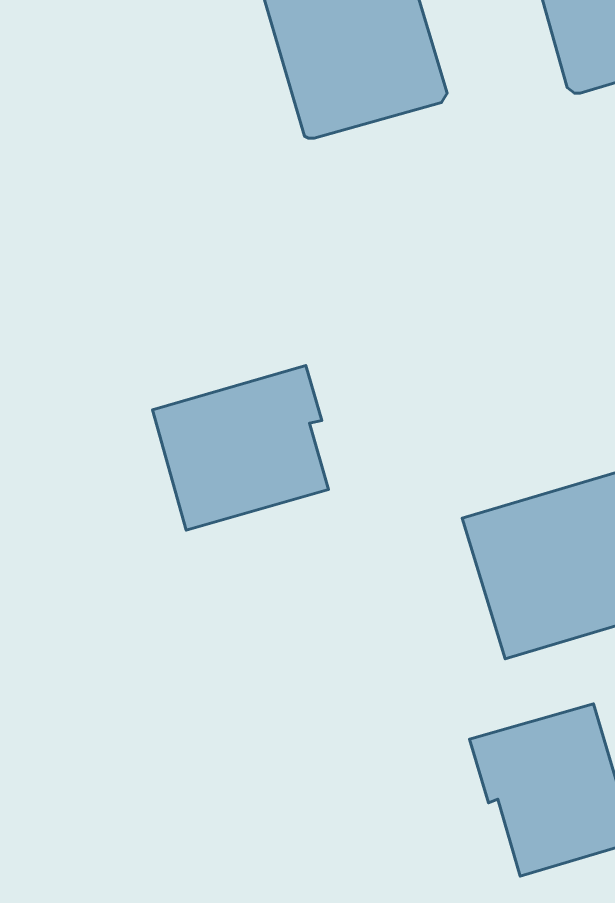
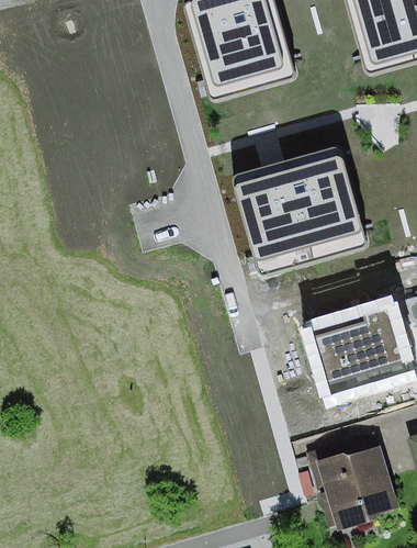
building: none -> [235,144,368,271]
building: [152,366,329,530] -> none

